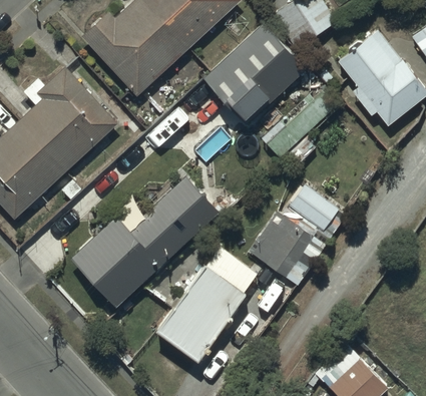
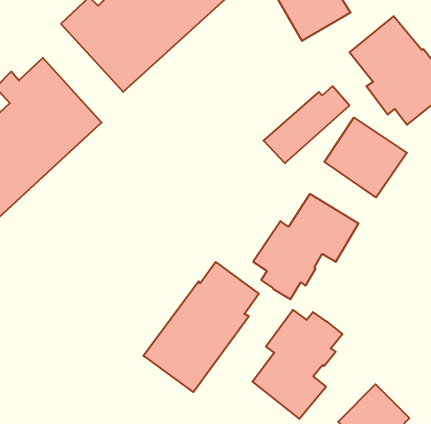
building: [202,22,307,126] -> none
building: none -> [324,118,407,197]
building: [70,176,219,308] -> none
building: none -> [252,310,342,419]

